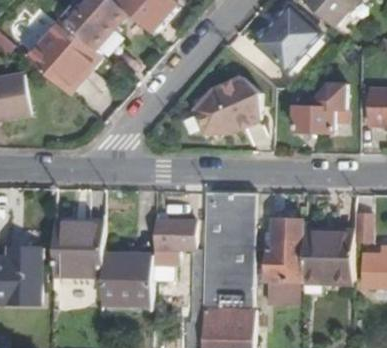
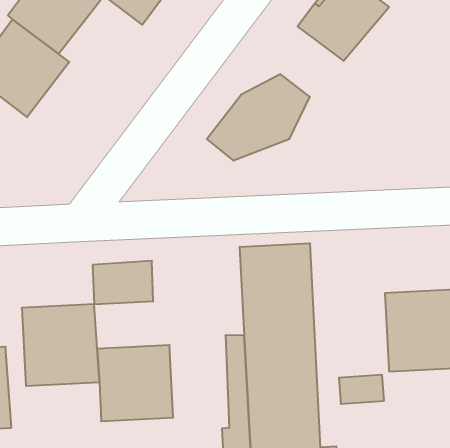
building: [294,84,348,132] -> none
building: [266,220,304,282] -> none
building: [153,221,195,249] -> [93,261,153,304]

